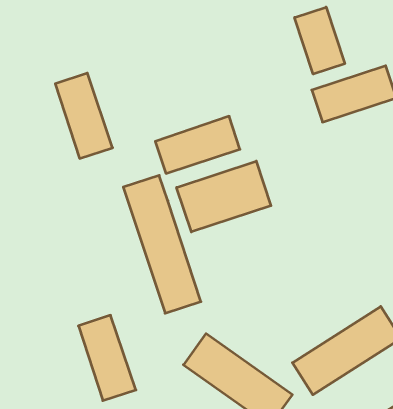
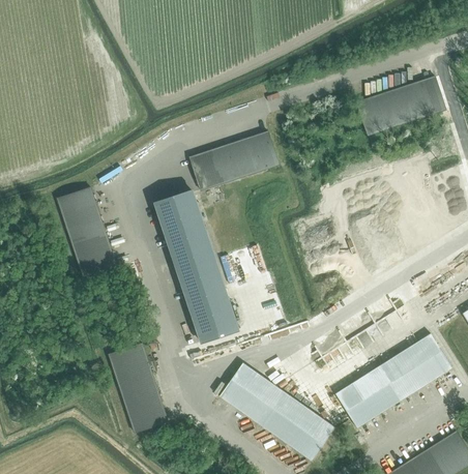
building: [295,7,345,74] -> none
building: [55,73,113,158] -> [56,186,117,277]
building: [177,161,271,232] -> none

